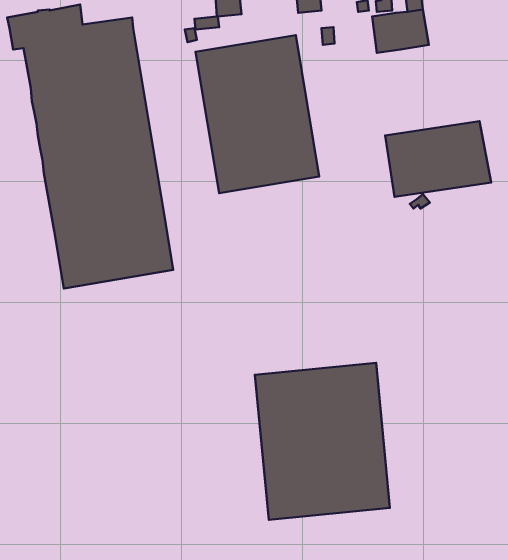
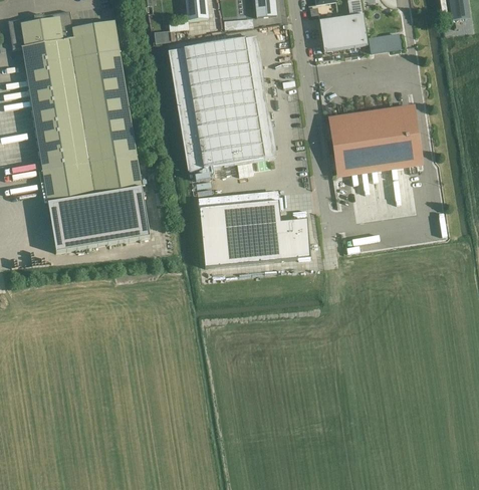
building: none -> [369,32,400,50]
building: none -> [199,199,310,265]
building: [255,363,390,520] -> none

